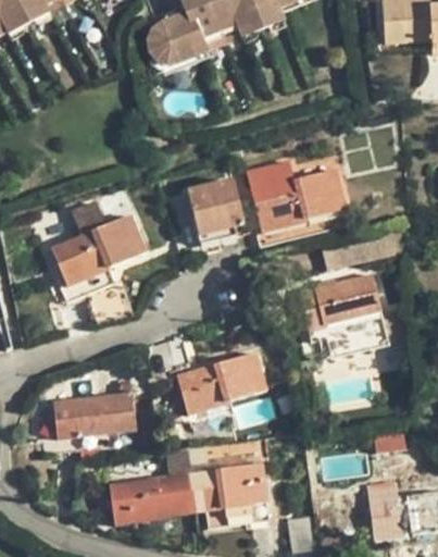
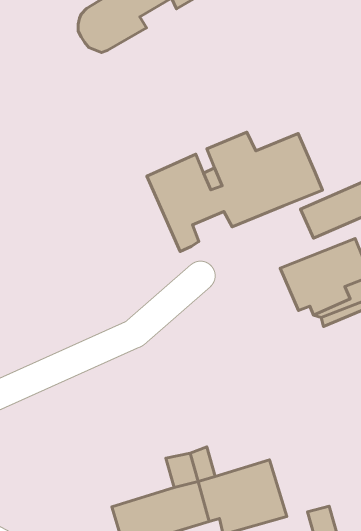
building: [51,212,145,314] -> none
building: [179,350,265,420] -> none
building: [40,391,135,453] -> none

